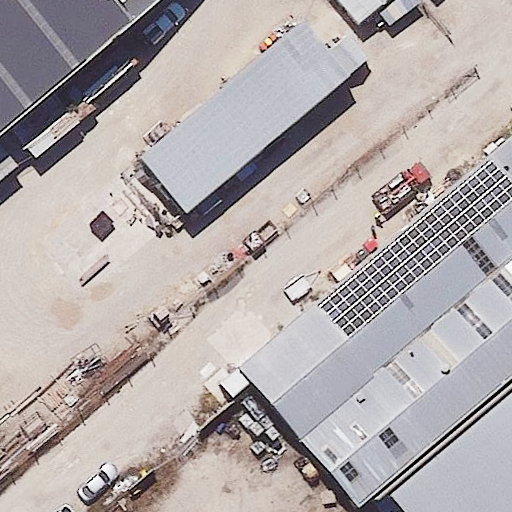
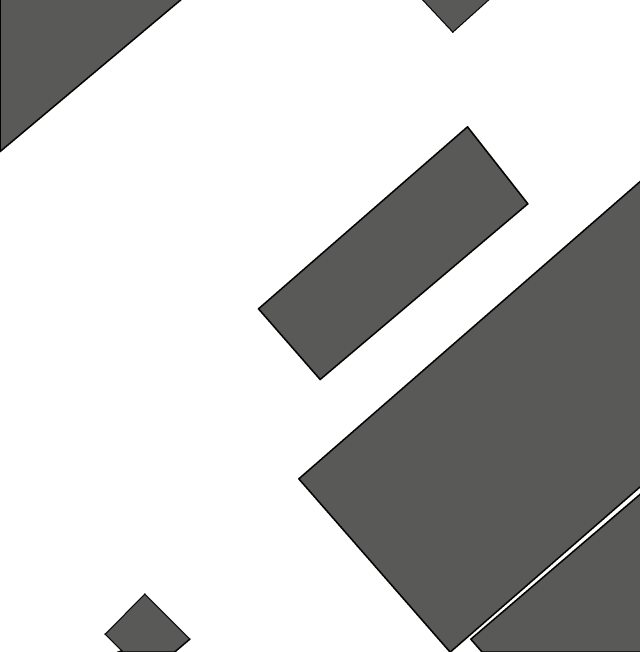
building: [137,17,347,214] -> [258,127,528,380]

